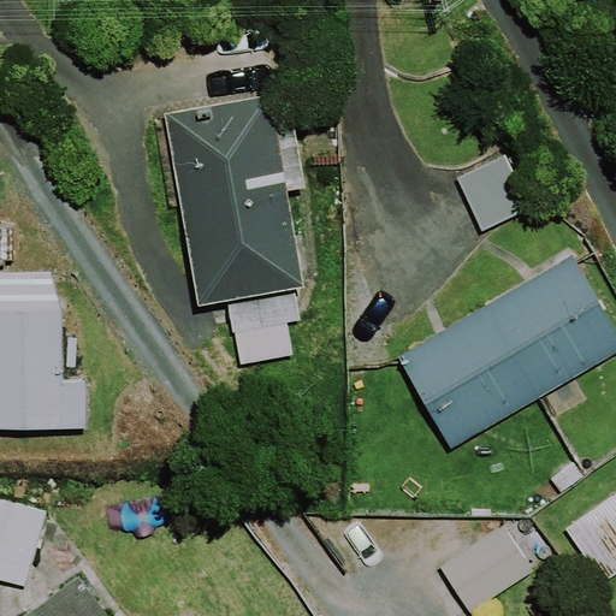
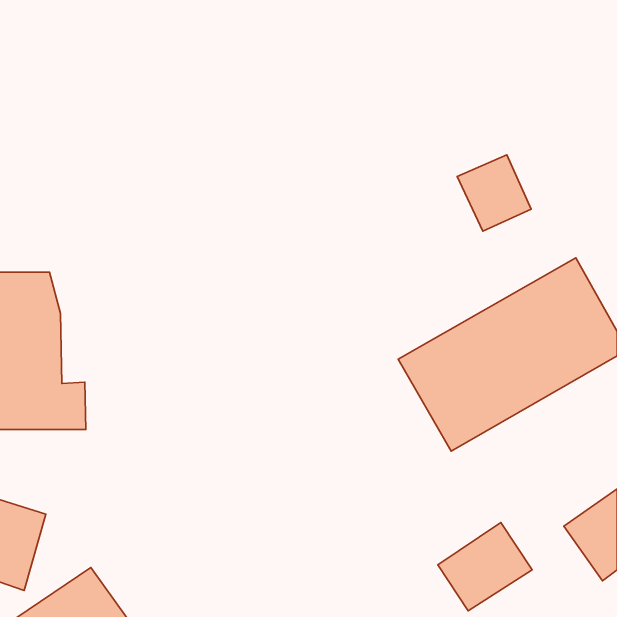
building: [162,94,304,306] -> none

